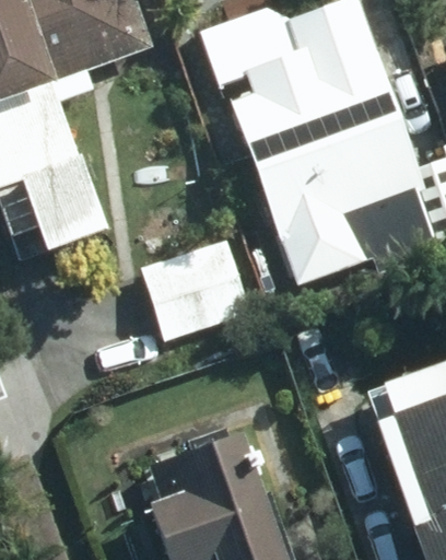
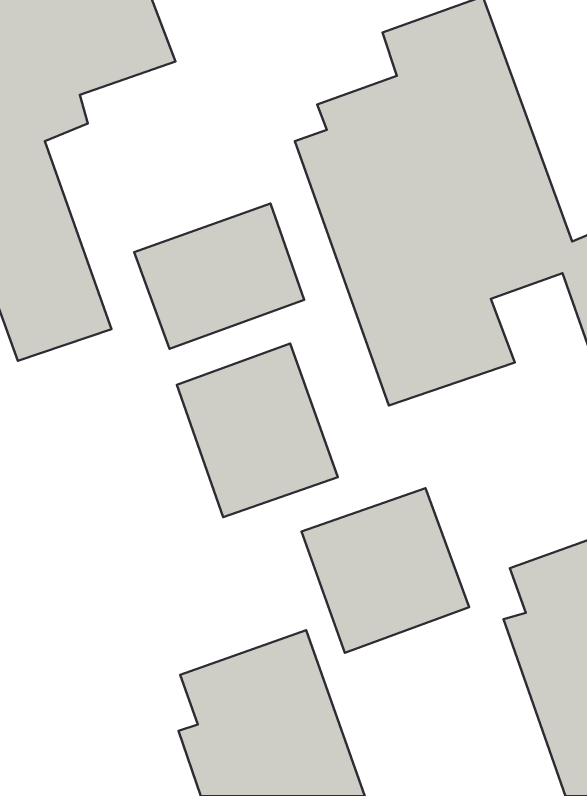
building: none -> [134,203,304,349]
building: none -> [302,488,469,653]

